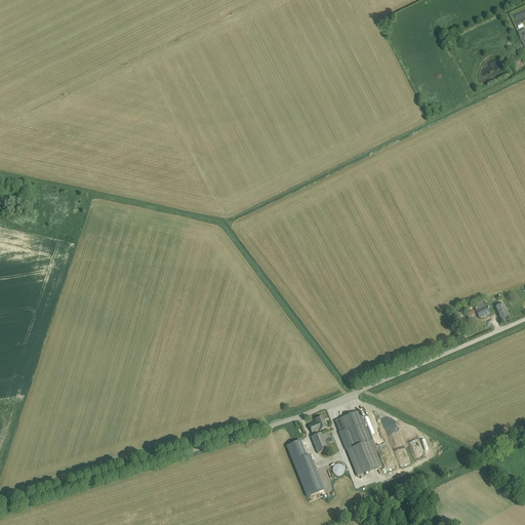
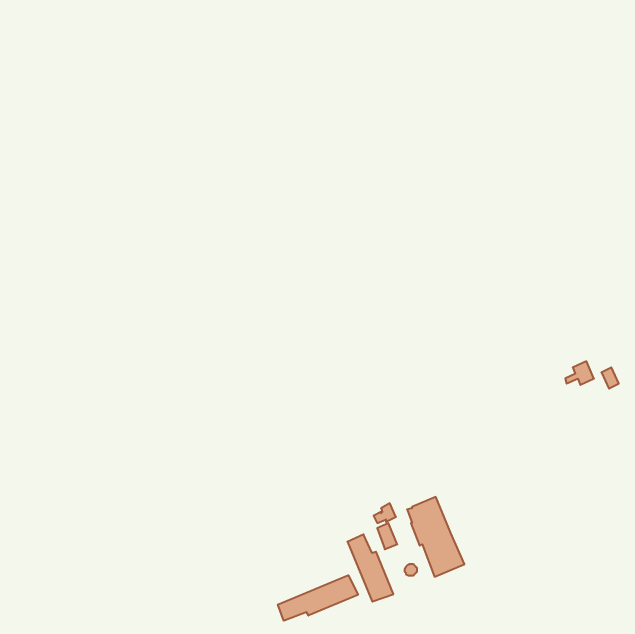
building: none -> [278,575,358,621]

